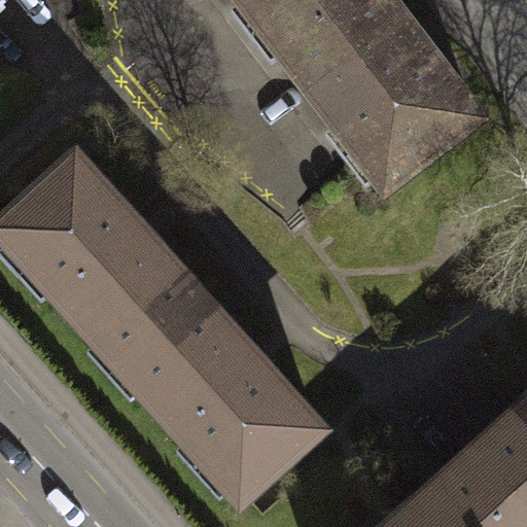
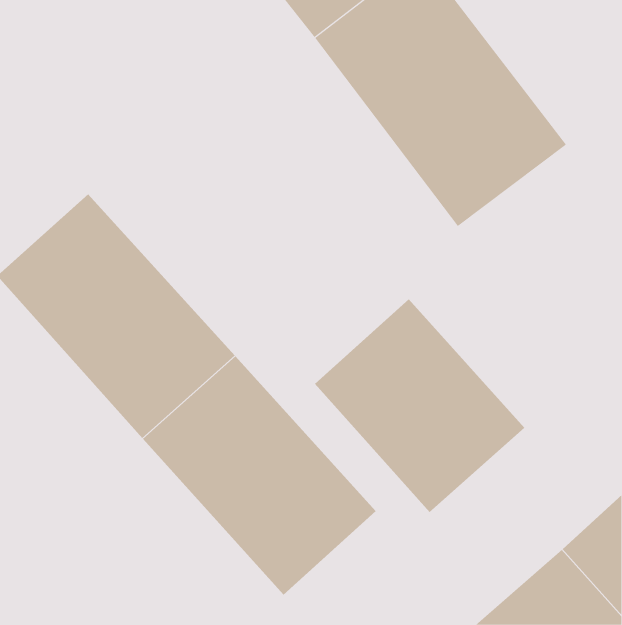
building: none -> [314,299,525,513]

